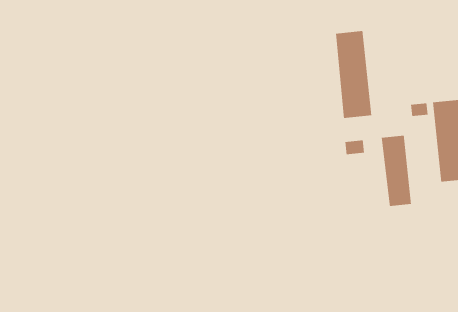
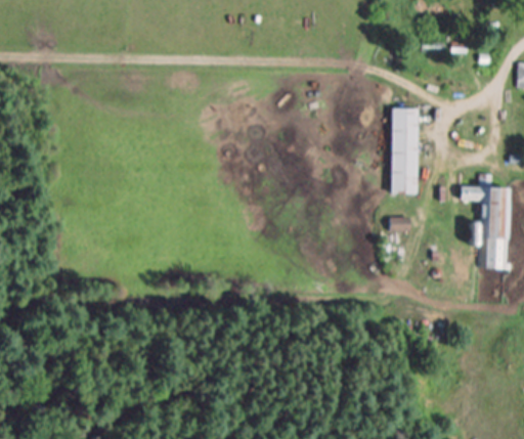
building: [381,135,411,207] -> none

